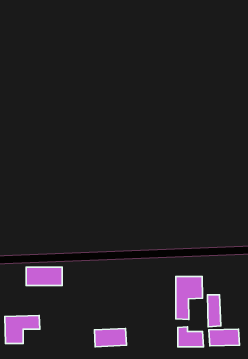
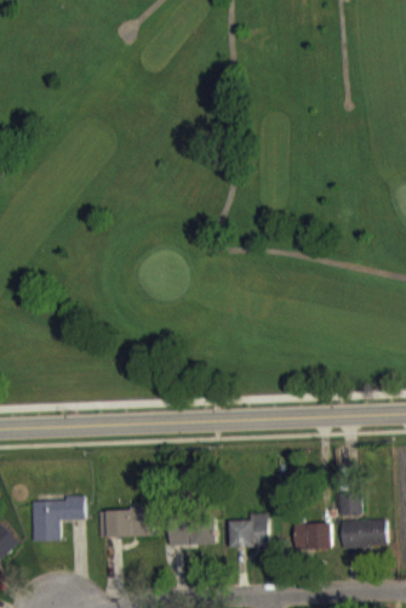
building: [26,267,62,286] -> [98,510,153,538]
building: [176,276,202,319] -> none
building: none -> [229,515,269,549]

